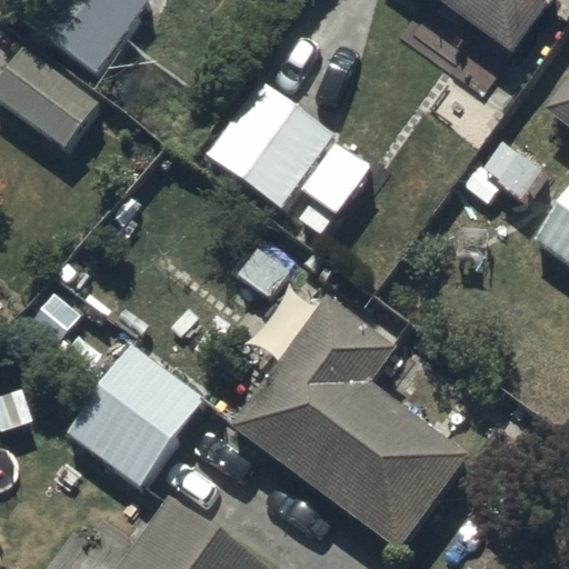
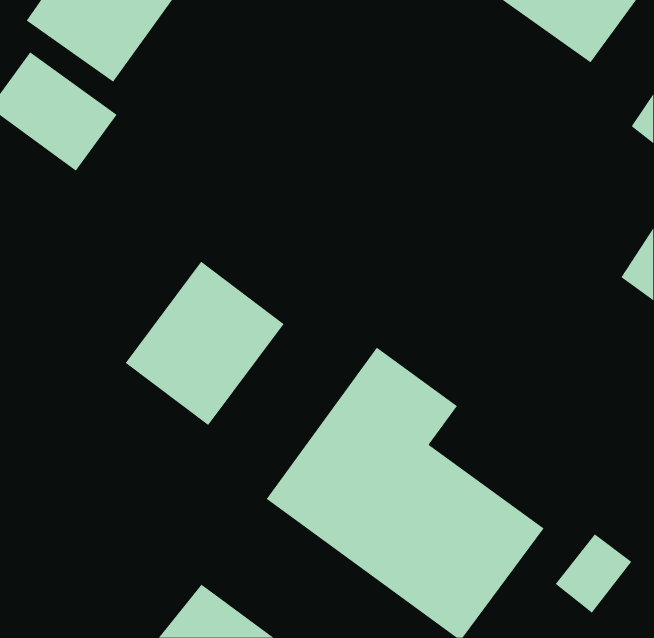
building: [206,77,379,241] -> none
building: [69,342,207,485] -> [125,261,285,426]

